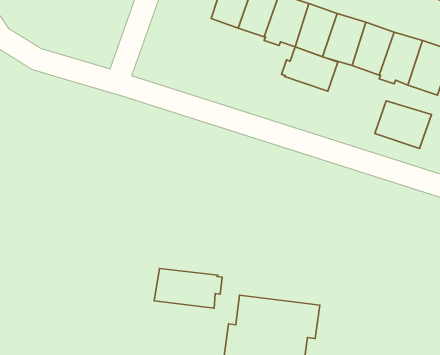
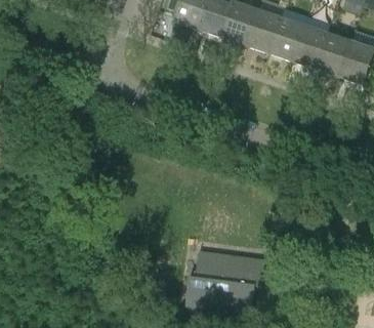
building: [281,47,338,91] -> none
building: [375,101,432,149] -> none
building: [154,268,222,308] -> none

